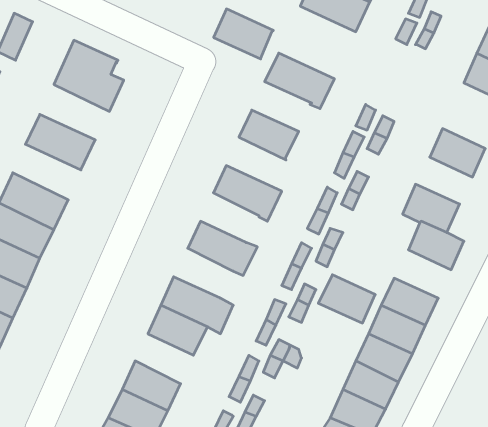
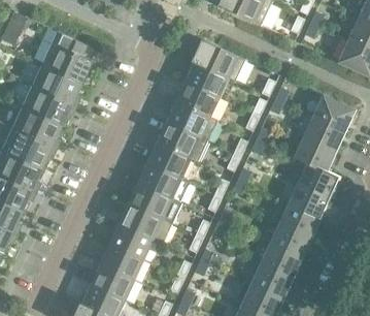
building: [214,9,273,59] -> [186,61,229,97]
building: none -> [32,63,82,103]
building: none -> [167,101,217,140]
building: none -> [12,106,62,147]
building: none -> [304,116,345,150]
building: none -> [148,141,191,178]
building: none -> [129,182,172,218]
building: [318,275,375,323] -> [289,183,330,218]
building: none -> [101,244,143,280]

